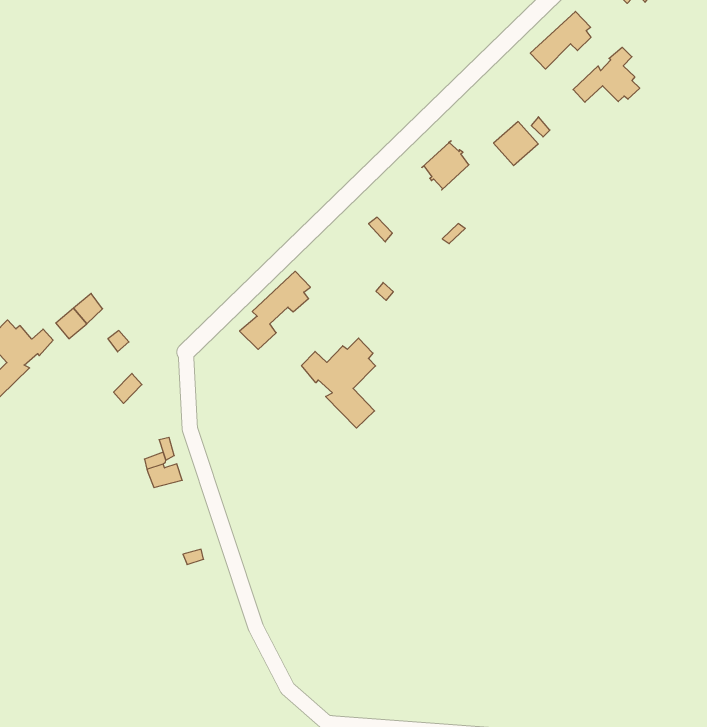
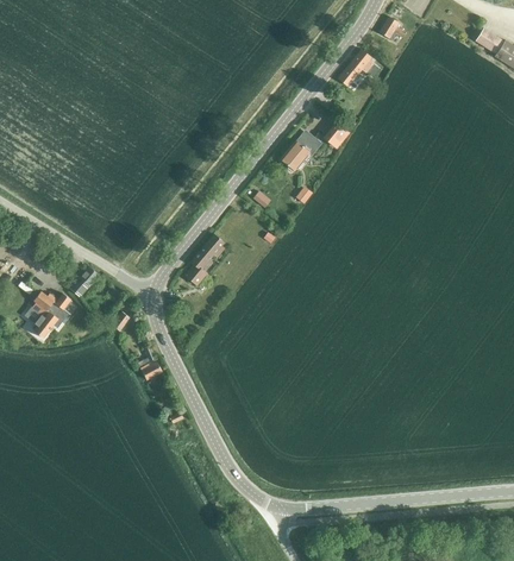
building: [573,47,640,102] -> none
building: [302,338,376,428] -> none

